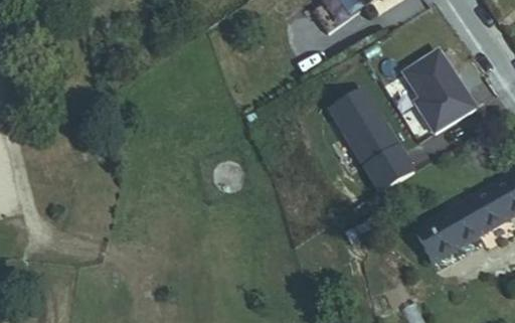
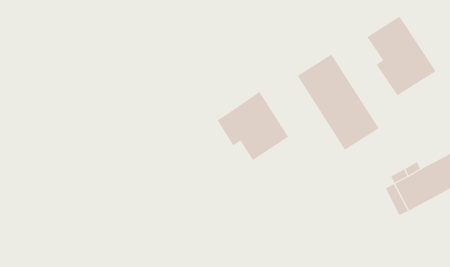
building: none -> [217,91,289,161]

